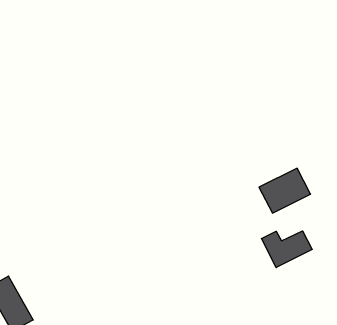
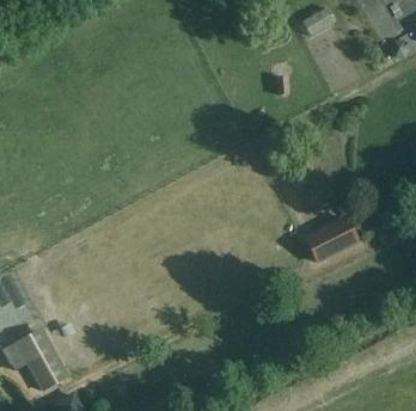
building: [261,231,312,268] -> none

